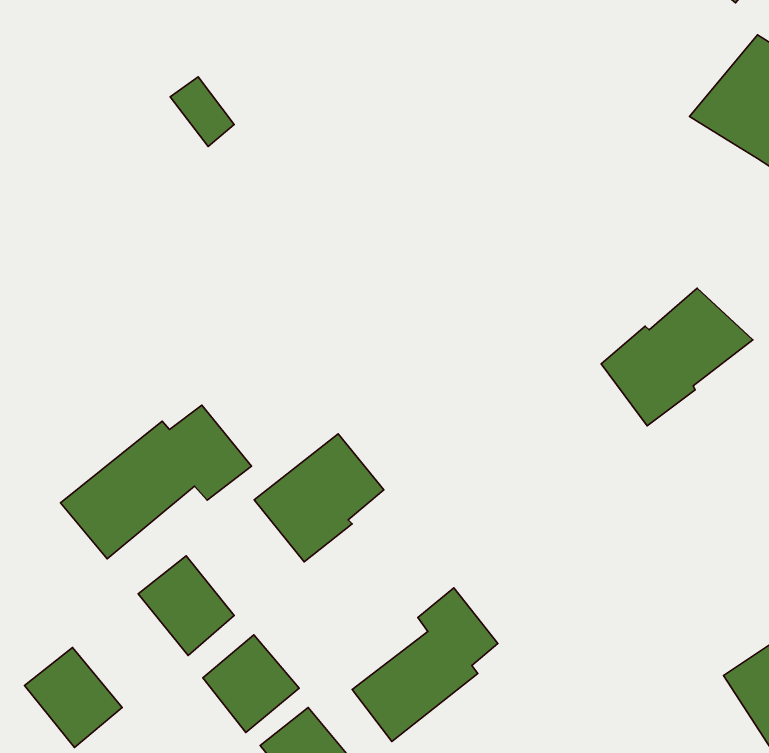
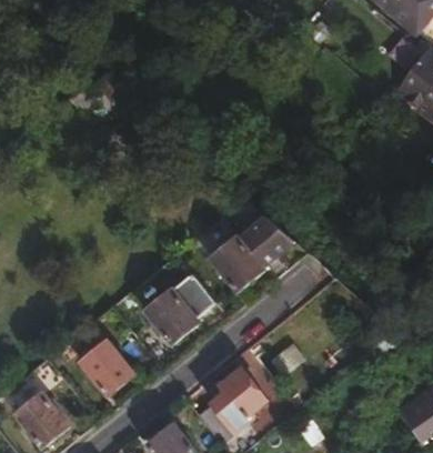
building: [601,288,753,426] -> [210,213,294,290]
building: [61,405,252,559] -> none
building: [203,635,299,733] -> none

